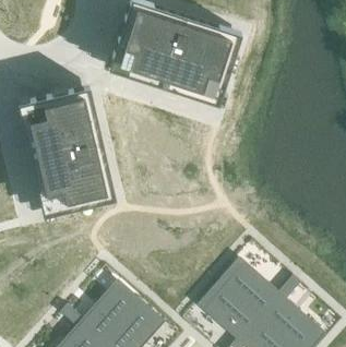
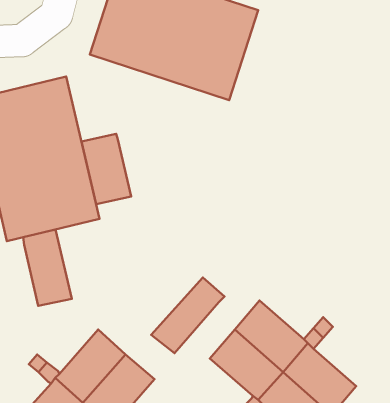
building: none -> [81,134,131,204]
building: none -> [23,229,72,306]
building: none -> [151,278,225,353]

